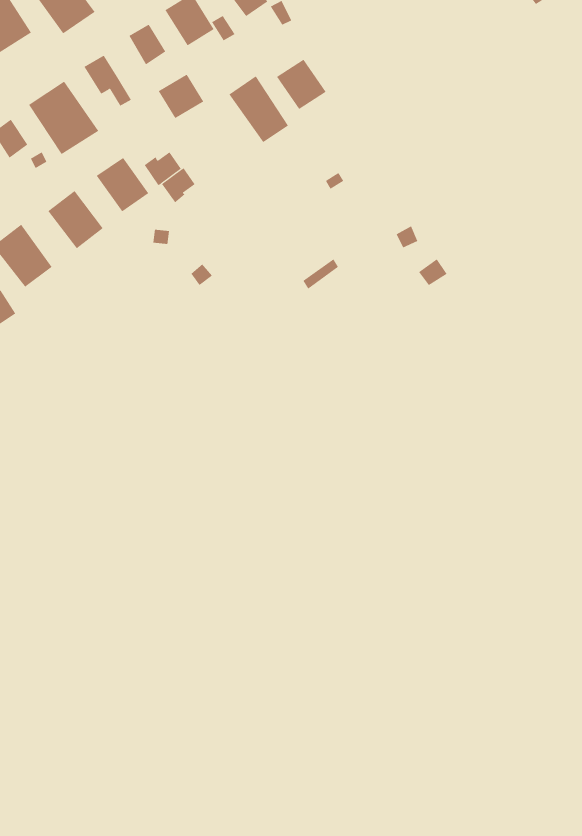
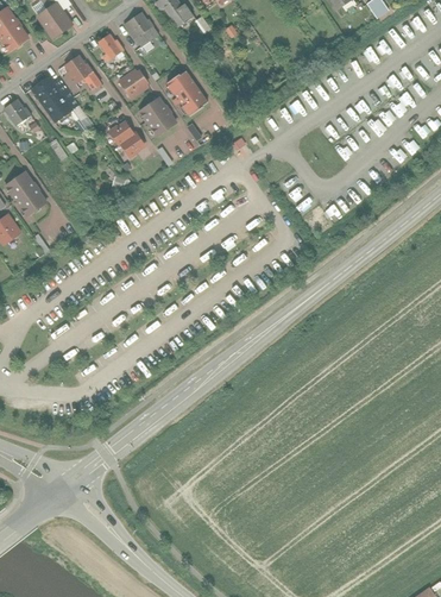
building: [276,59,326,110] -> none
building: [96,157,149,212] -> [139,98,176,136]
building: [48,190,104,249] -> none

